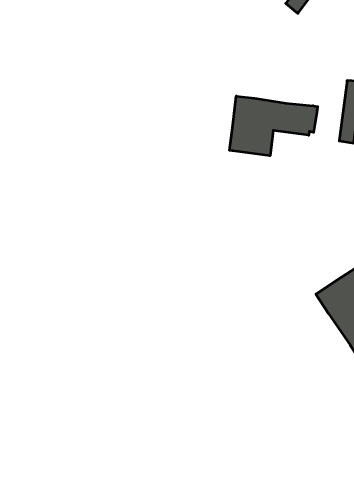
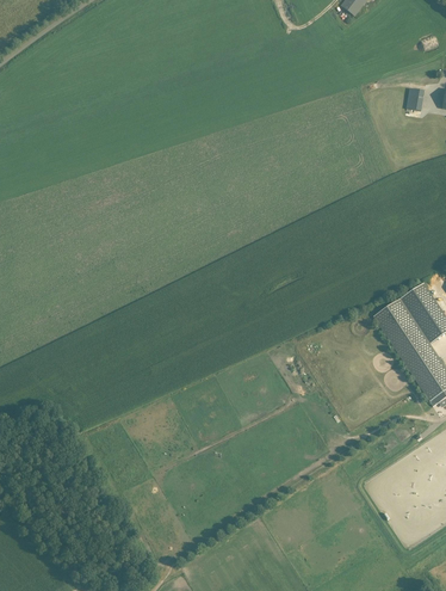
building: [230,96,318,156] -> none

